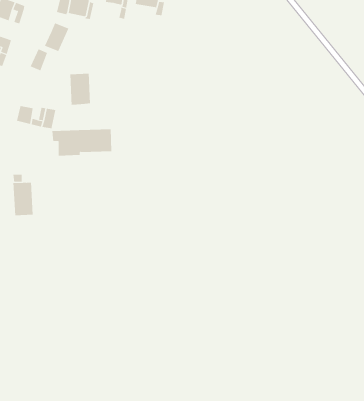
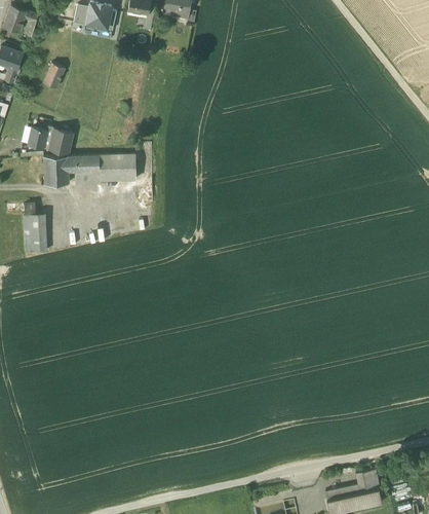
building: [44,23,69,52] -> none
building: [70,73,90,106] -> none
building: none -> [42,156,68,186]

